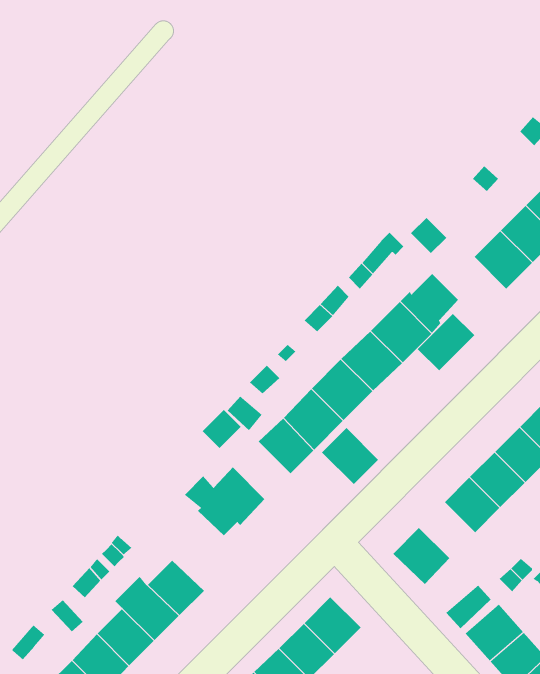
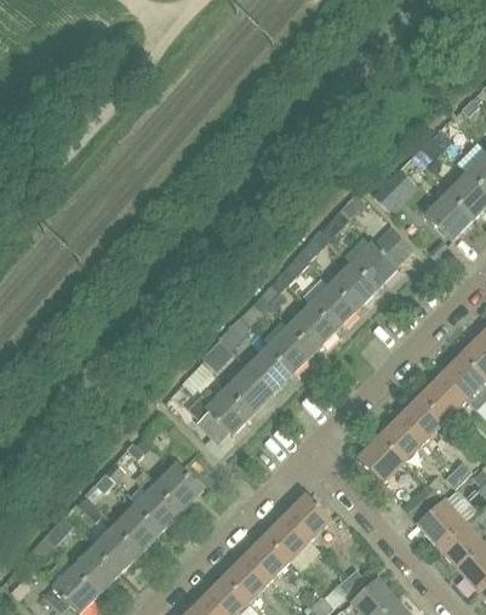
building: [417,313,475,371] -> none
building: [321,427,379,485] -> [227,365,274,412]
building: none -> [379,415,425,461]

